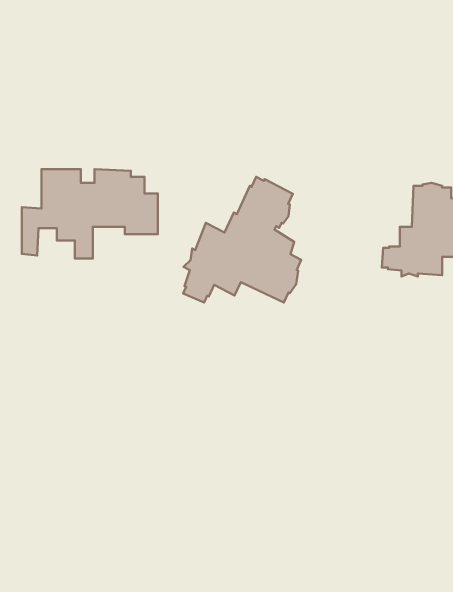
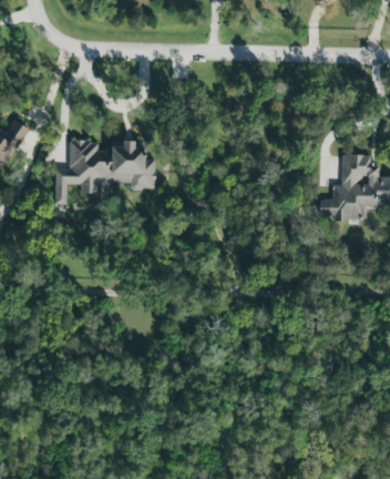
building: [183,177,301,302] -> none

